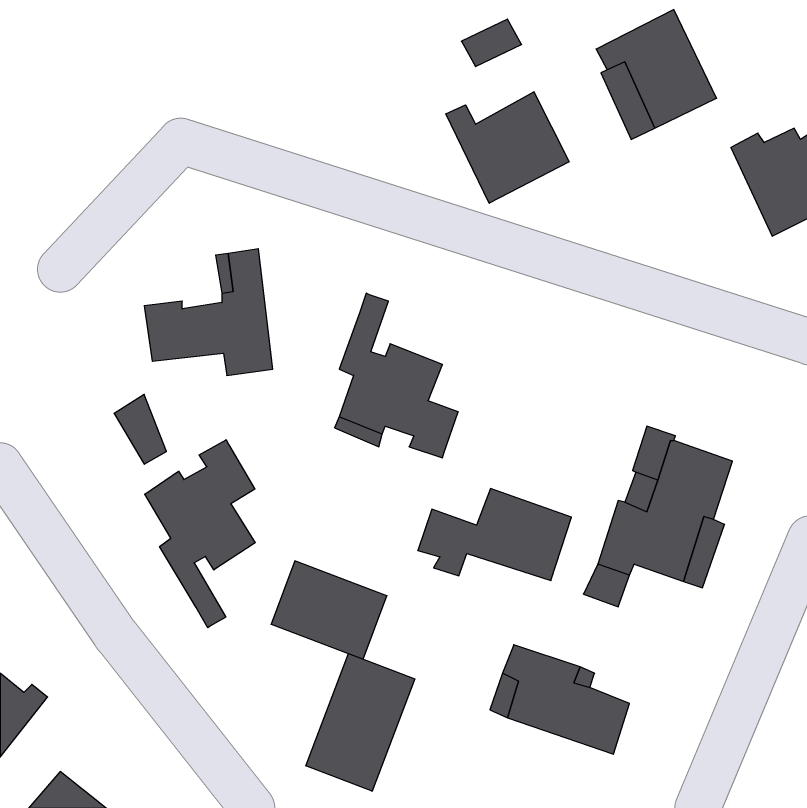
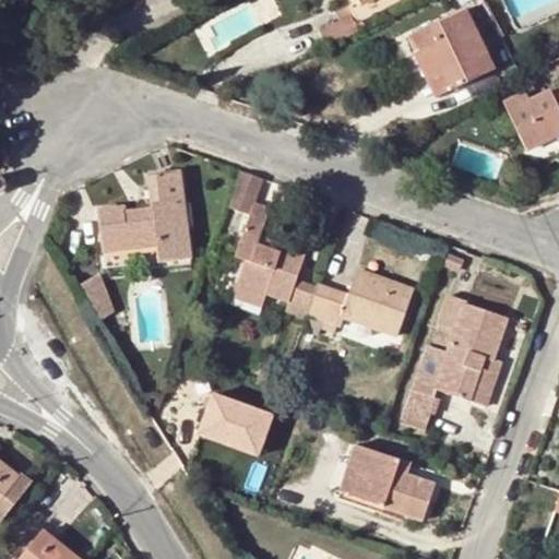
building: [446,92,569,203] -> none
building: none -> [229,170,265,215]
building: [145,440,255,628] -> none
building: [418,489,571,581] -> [308,270,414,333]
building: [306,654,415,791] -> none

